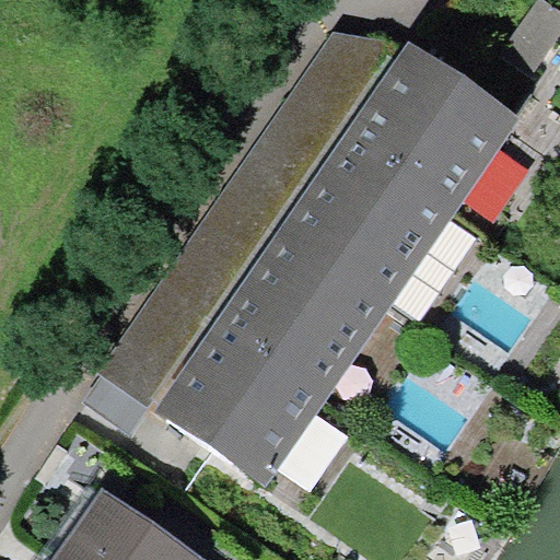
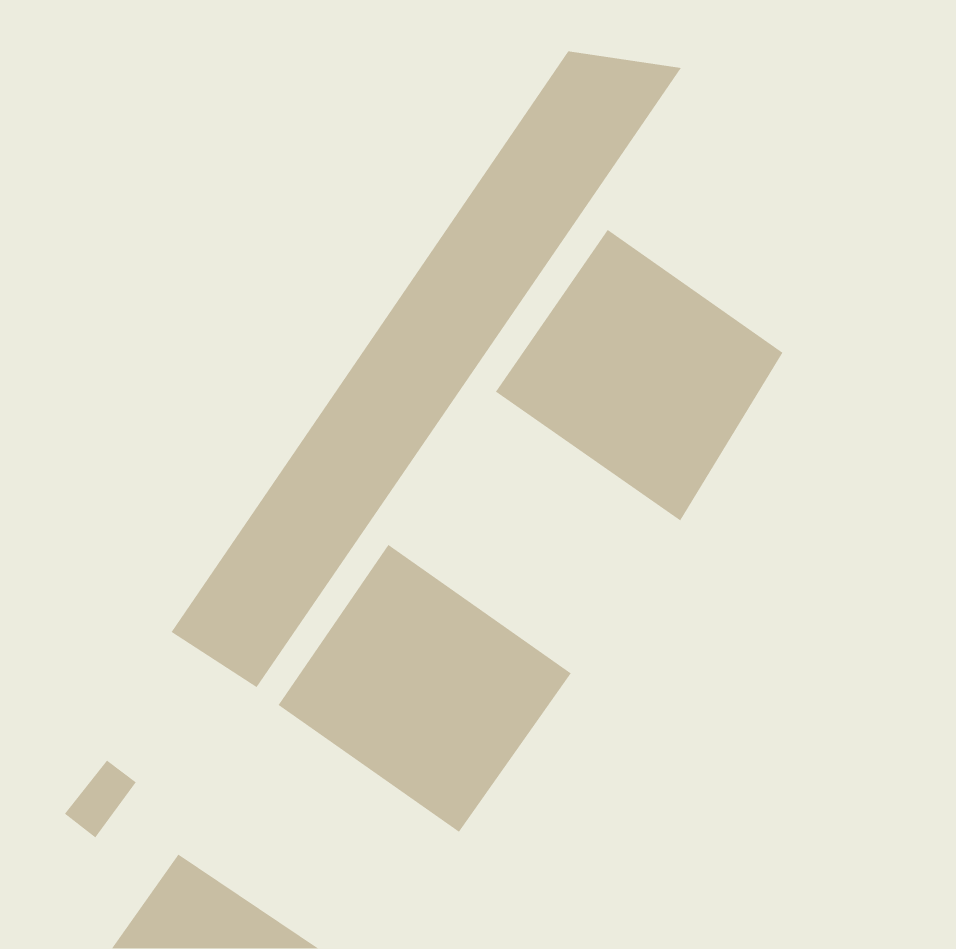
building: [355,48,518,206] -> none
building: [228,229,398,393] -> none

